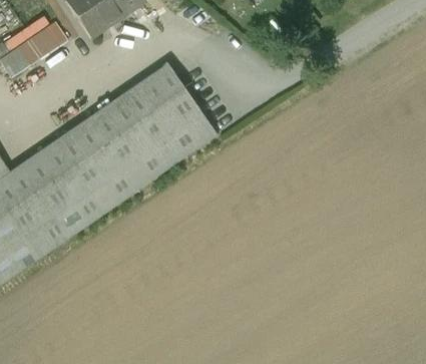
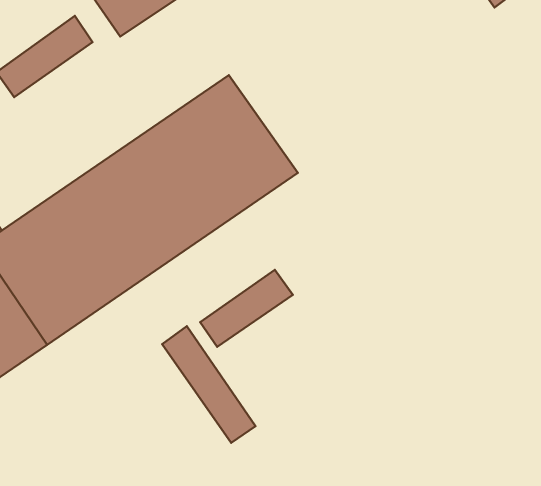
building: none -> [200,270,293,347]
building: none -> [162,326,256,443]

